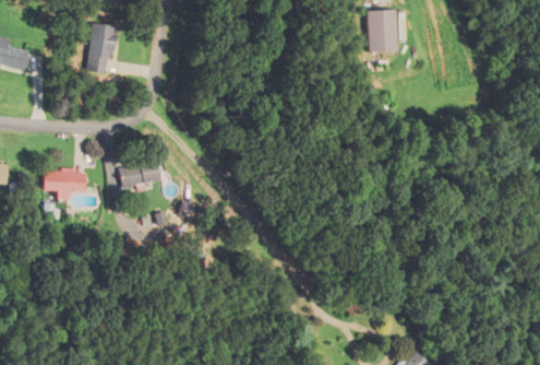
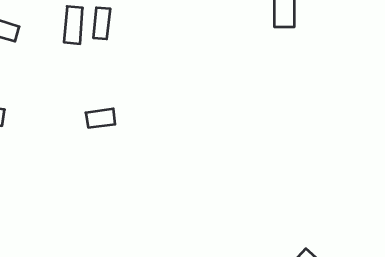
building: none -> [94,8,110,39]
building: [44,169,85,198] -> none

